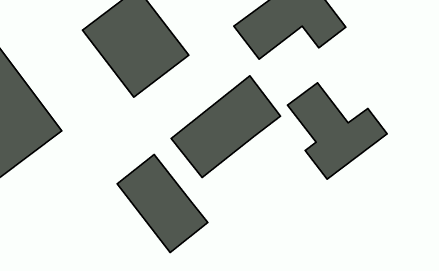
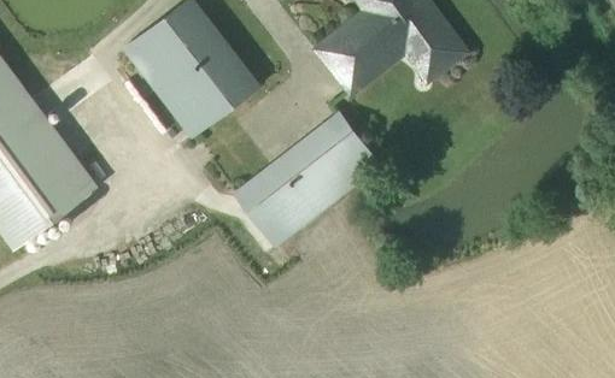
building: [288,83,387,179] -> none
building: [117,155,208,252] -> none

